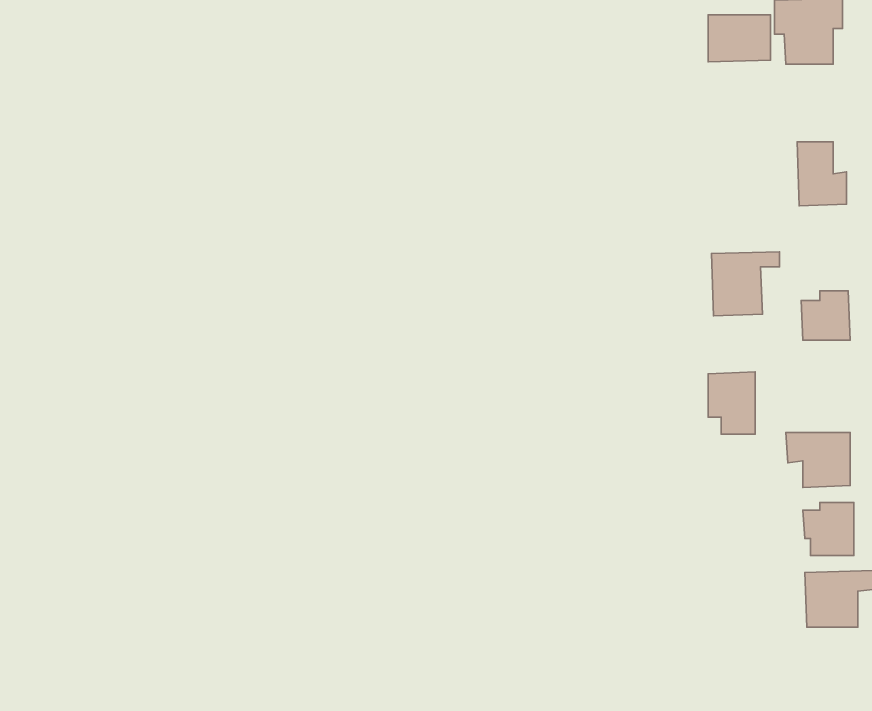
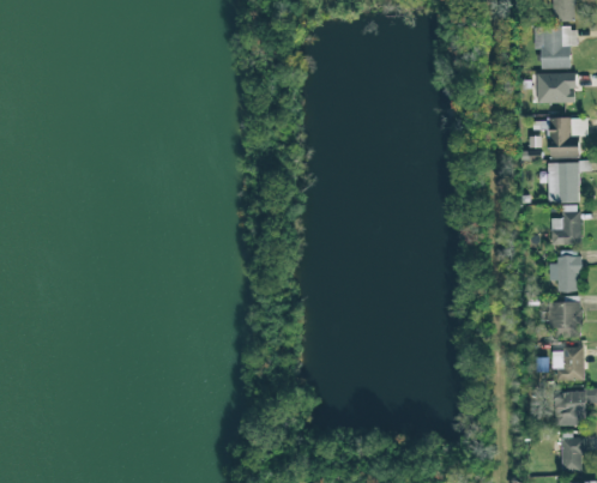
building: [708,15,771,62] -> [536,73,575,103]
building: [711,252,779,316] -> [547,162,590,203]
building: [708,372,755,434] -> [549,252,579,291]
building: none -> [561,433,584,471]

